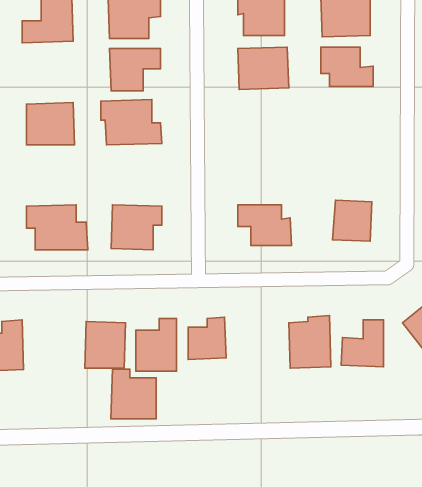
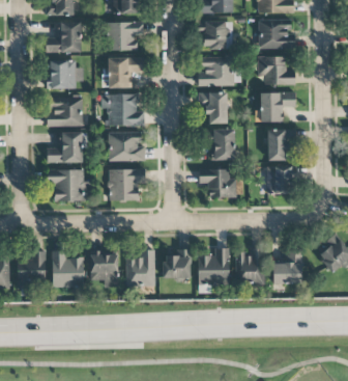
building: none -> [48,61,84,89]
building: none -> [199,92,228,125]
building: none -> [260,92,295,123]
building: none -> [212,130,235,161]
building: none -> [268,130,287,161]
building: none -> [109,132,146,162]
building: none -> [48,133,83,163]
building: none -> [198,249,229,285]
building: [111,369,156,419] -> [52,252,84,288]

